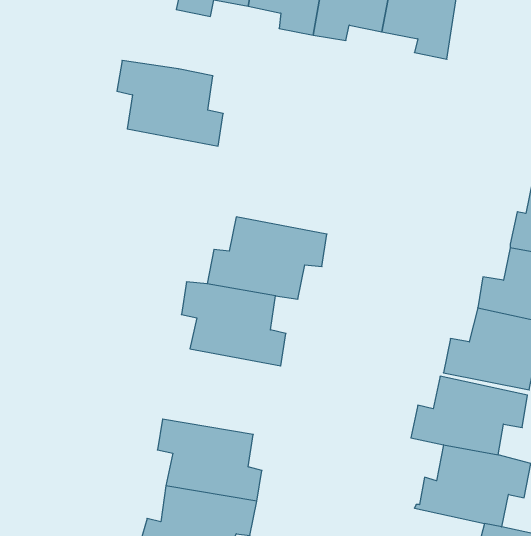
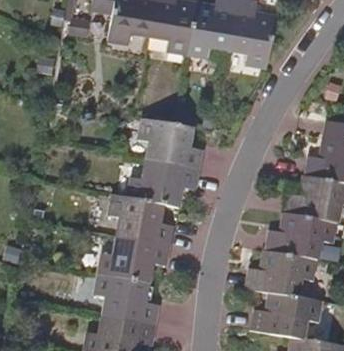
building: [117,60,223,146] -> [137,119,199,169]
building: none -> [100,236,169,286]

